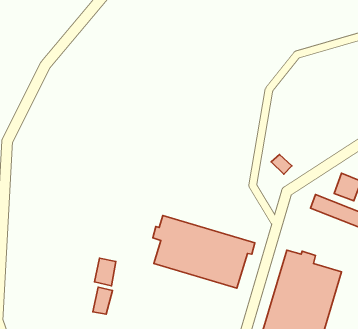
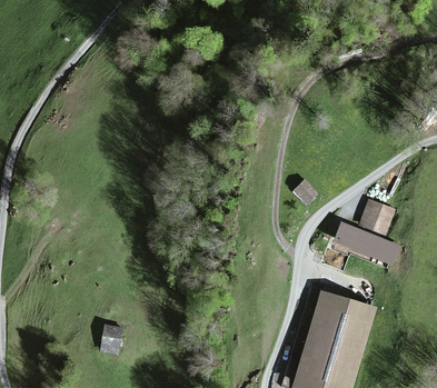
building: [153,216,255,288] -> none
building: [94,258,116,286] -> none

